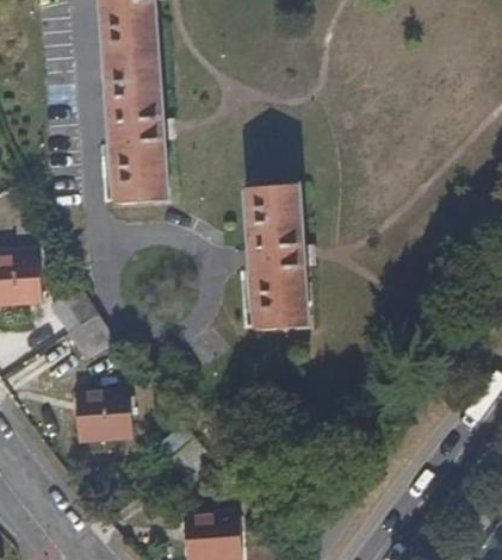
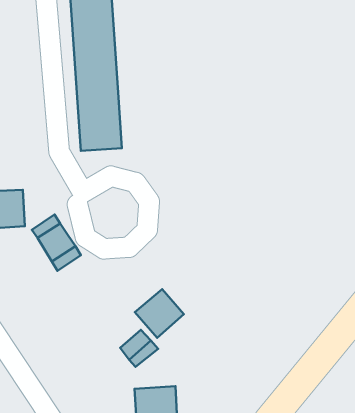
building: [244,186,306,330] -> none
building: none -> [135,289,184,338]
building: [74,391,130,441] -> none

